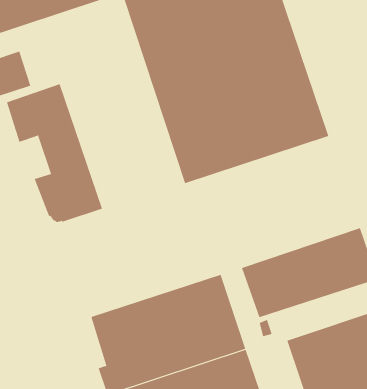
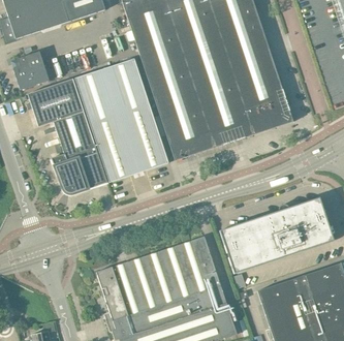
building: none -> [74,58,168,182]

